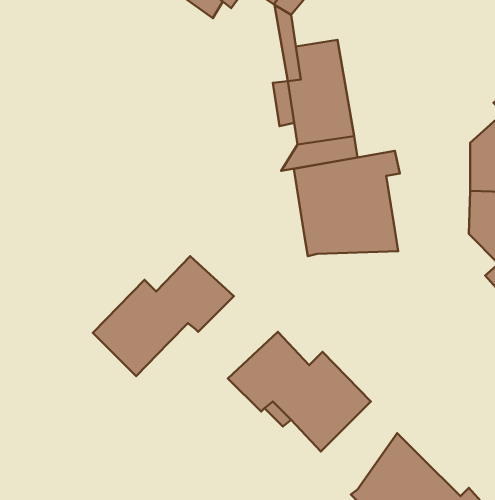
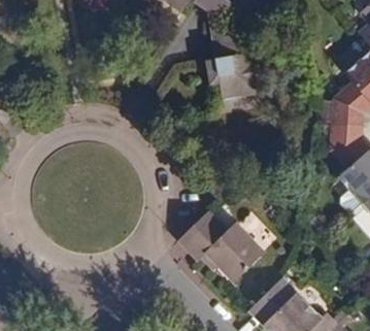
building: [294,151,400,256] -> none
building: [93,256,234,376] -> none

